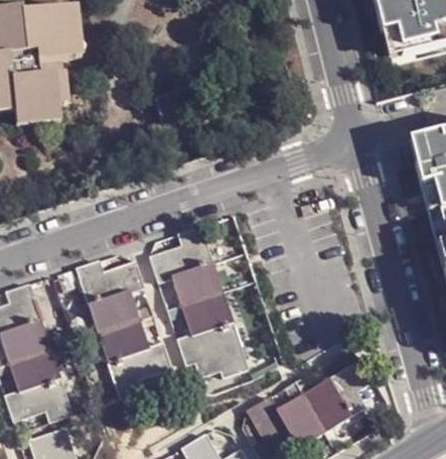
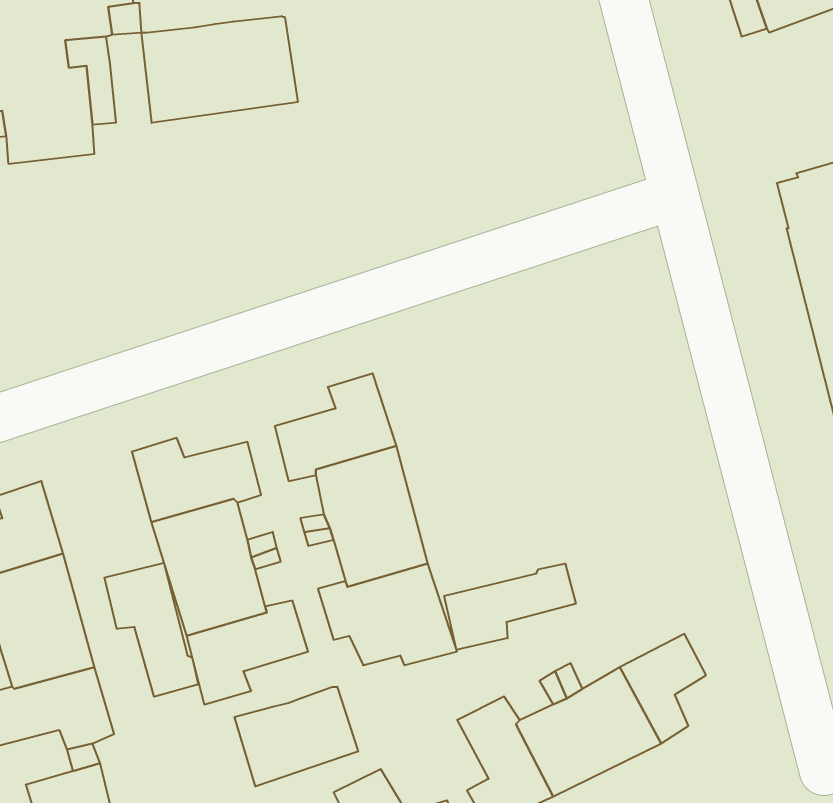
building: none -> [141,16,298,123]
building: none -> [104,563,198,697]
building: none -> [444,564,576,650]
building: none -> [235,687,358,786]

